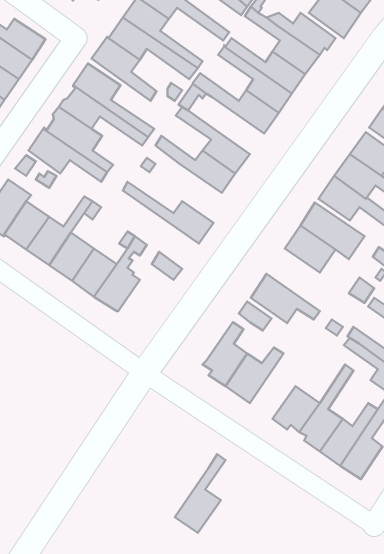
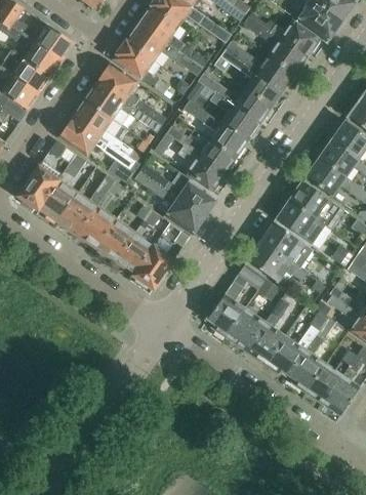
building: none -> [210,91,259,139]
building: none -> [184,148,223,190]
building: none -> [133,170,204,233]
building: none -> [261,222,311,273]
building: none -> [133,246,177,289]
building: [175,454,226,533] -> [247,297,290,364]

